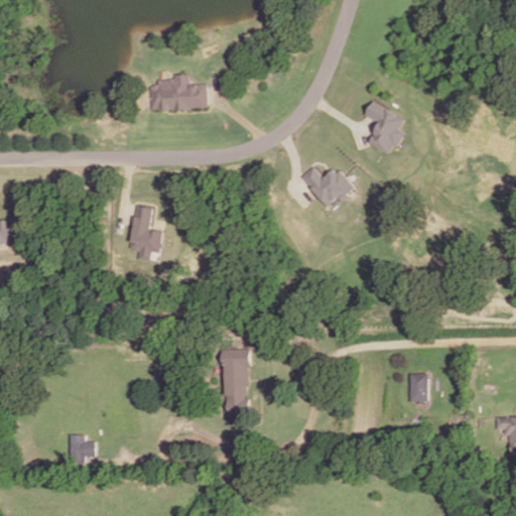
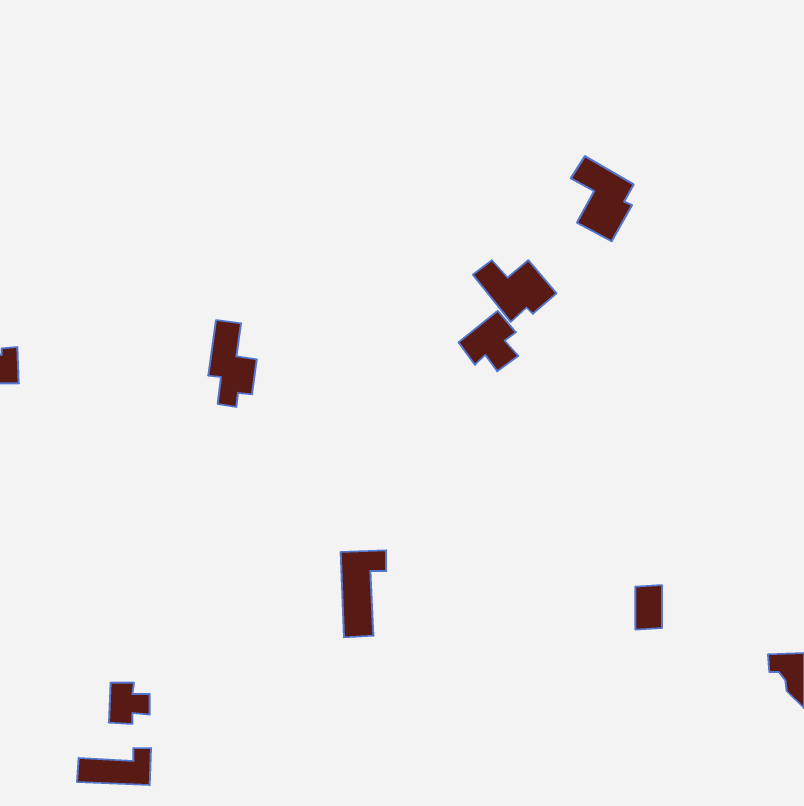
building: [152,77,212,112] -> none
building: none -> [459,311,518,371]
building: none -> [77,748,151,785]

